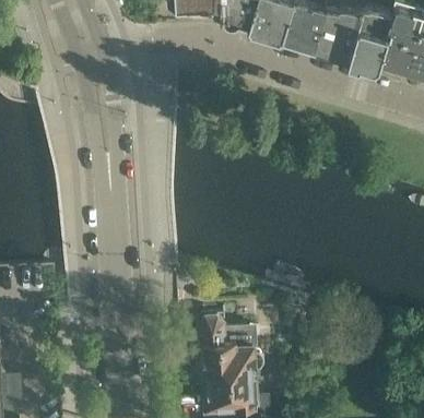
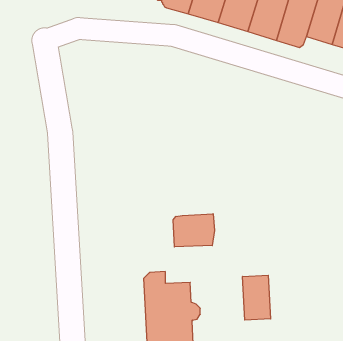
building: none -> [173,214,215,247]
building: none -> [243,275,271,320]

